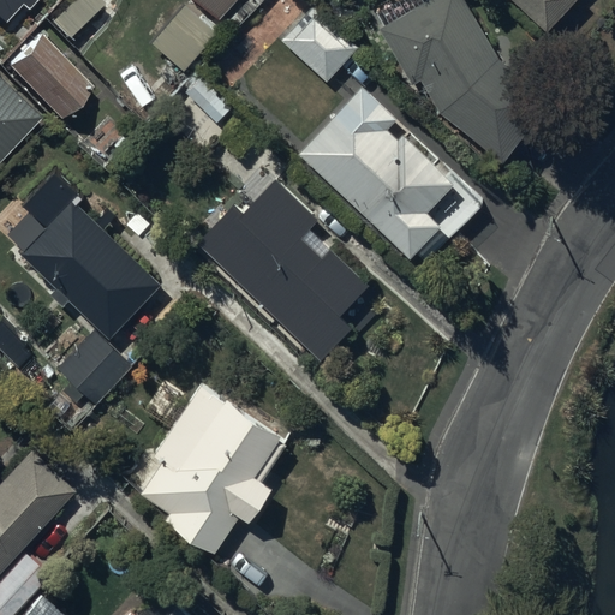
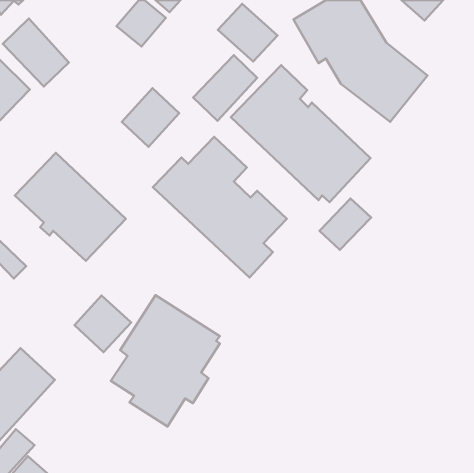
building: none -> [193,55,257,121]
building: none -> [122,88,179,147]
building: none -> [319,198,371,250]
building: [59,333,132,406] -> [75,295,131,352]

